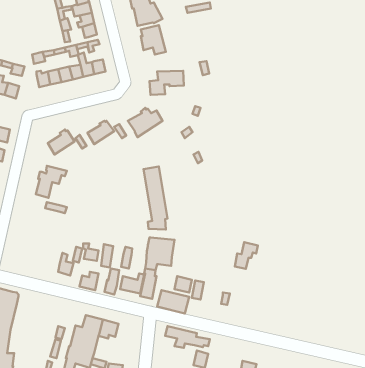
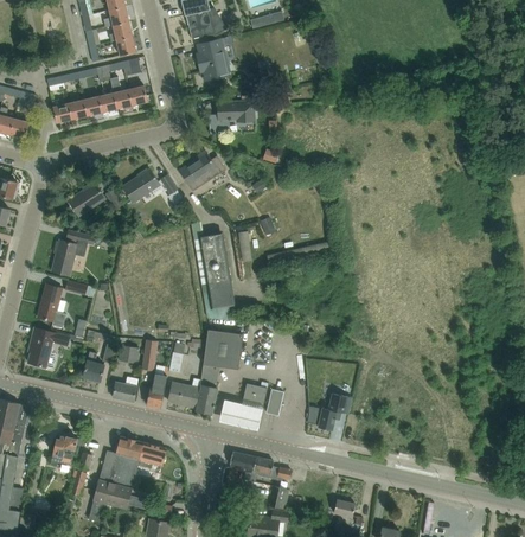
building: none -> [37,285,65,327]
building: none -> [27,327,69,367]
building: [235,242,258,269] -> [316,394,348,430]
building: none -> [49,435,76,466]

